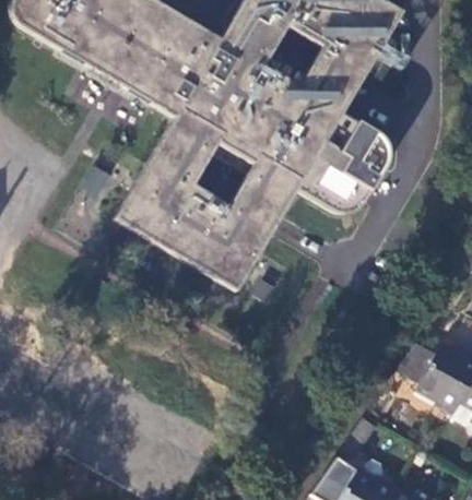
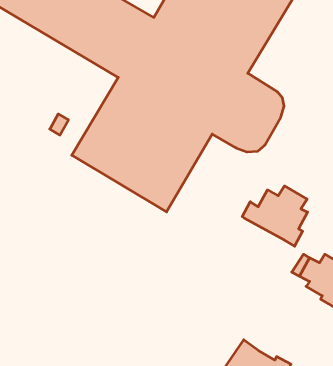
building: none -> [242,186,308,246]

